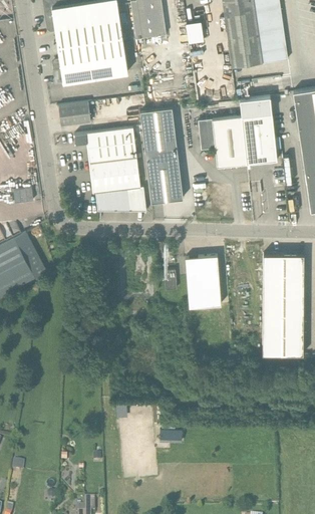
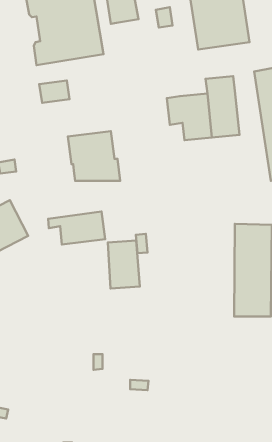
building: [140,105,184,201] -> none
building: [74,126,136,163] -> [48,211,105,245]
building: [186,255,221,307] -> [108,241,140,288]

